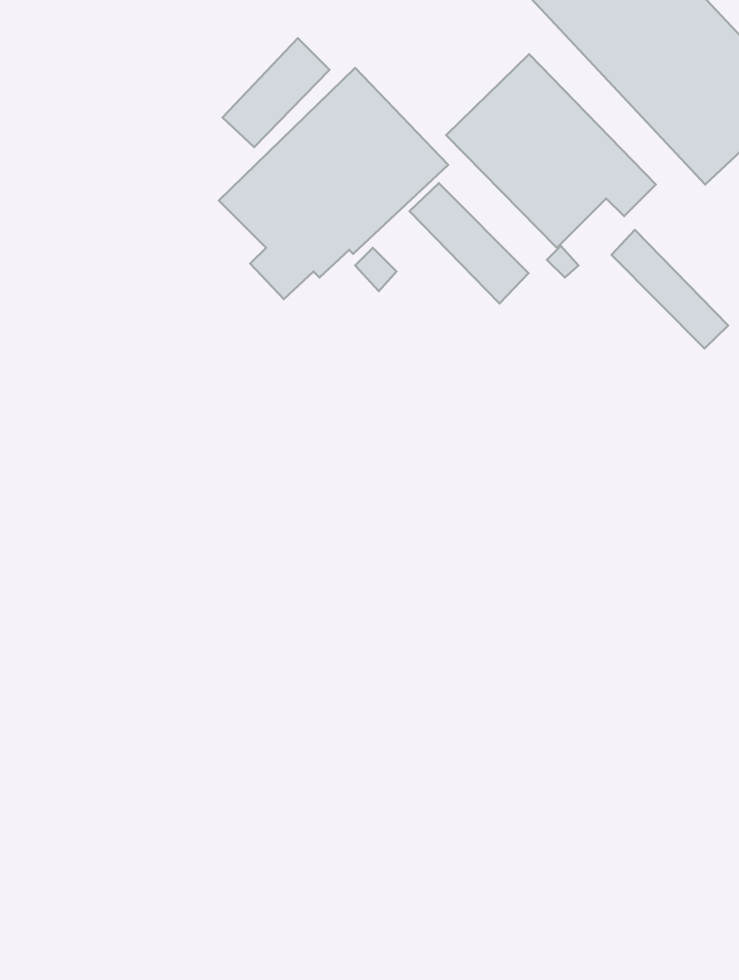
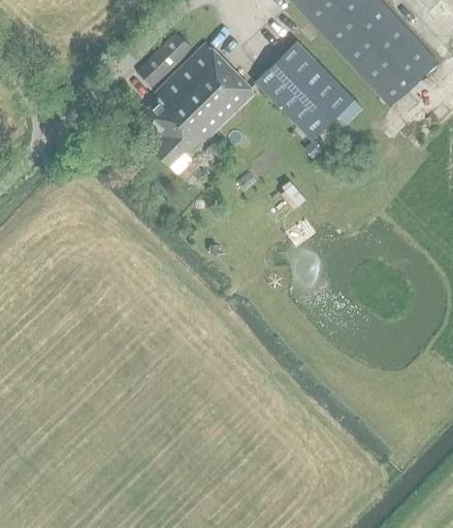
building: [409,183,529,303] -> none
building: [612,230,728,348] -> none

